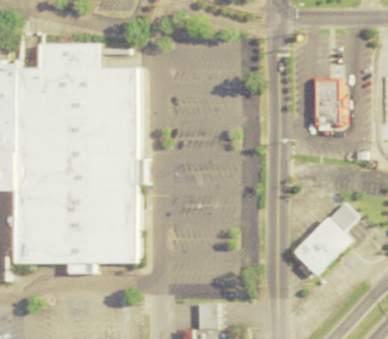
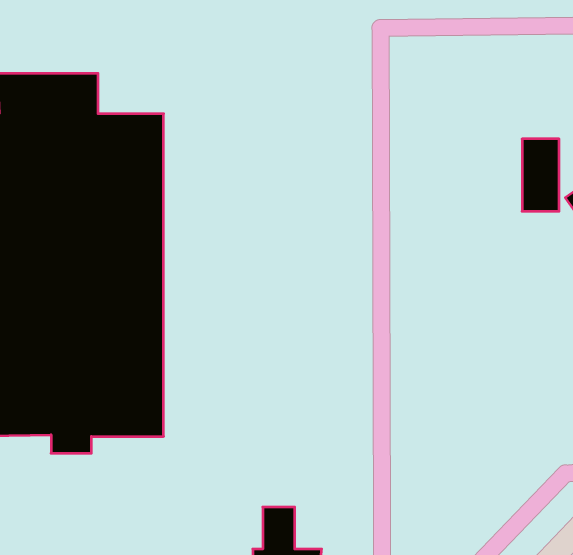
building: [317,83,340,126] -> [522,139,559,211]
building: [297,204,359,276] -> none

